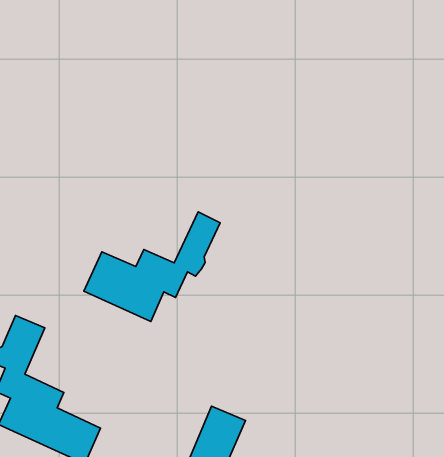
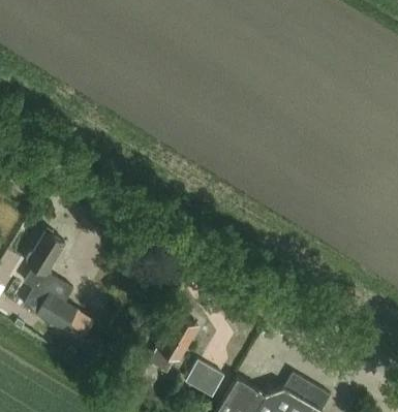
building: [84,212,220,322] -> none

